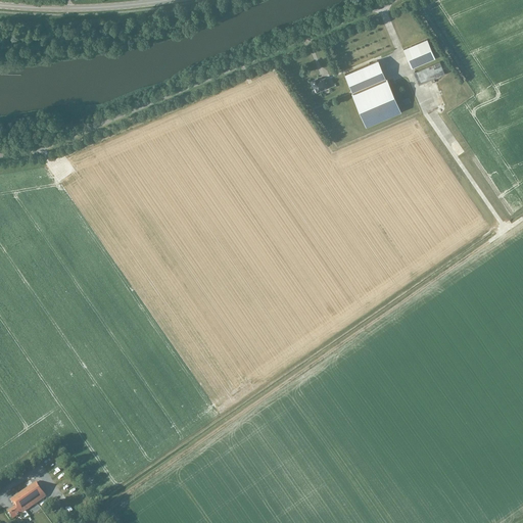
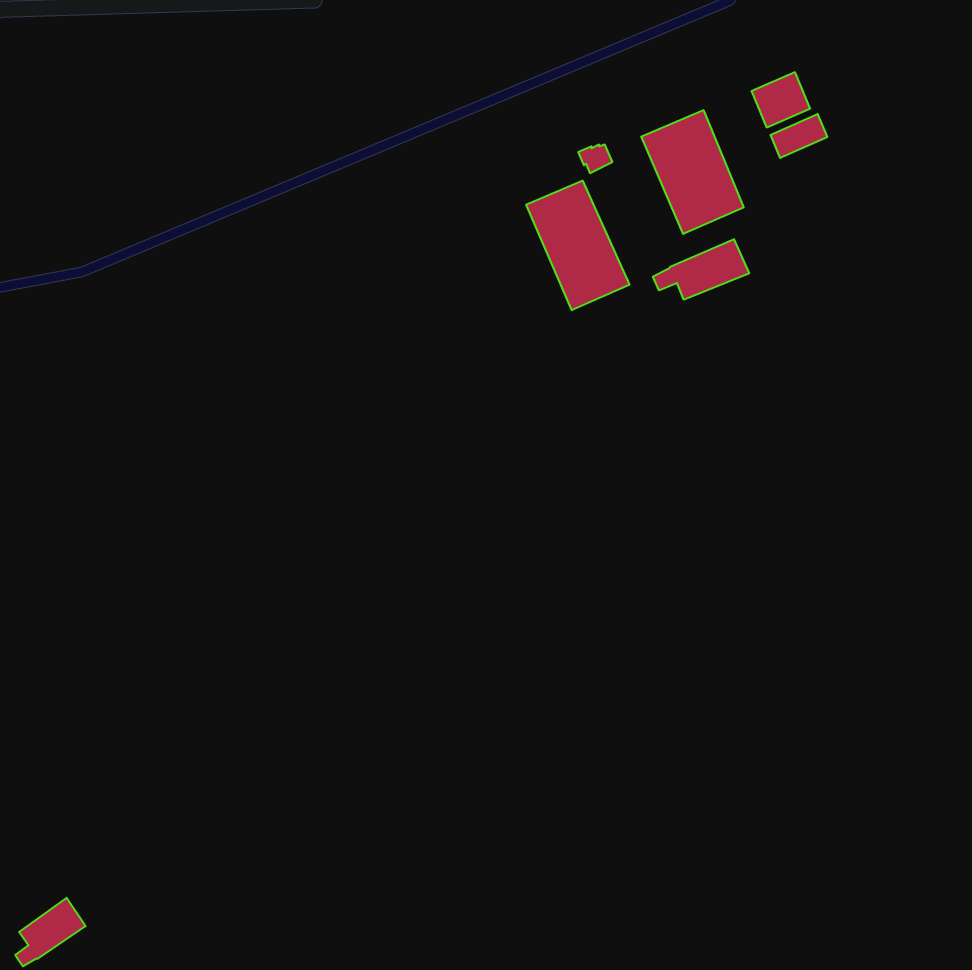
building: none -> [526,181,629,310]
building: none -> [653,239,749,300]

